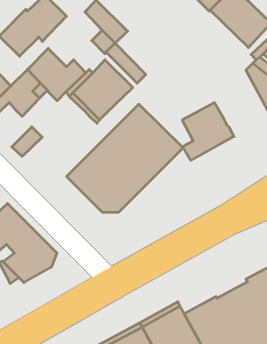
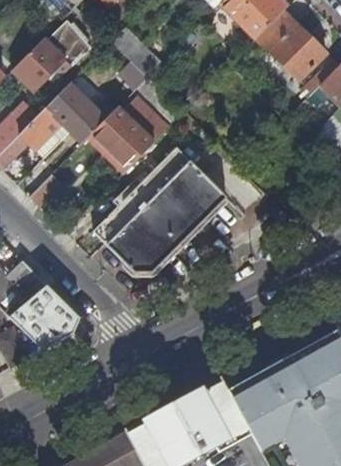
building: [182,103,234,160] -> none

